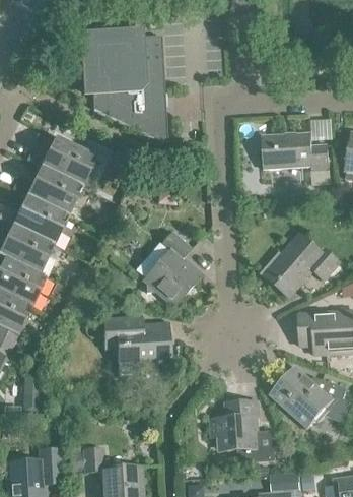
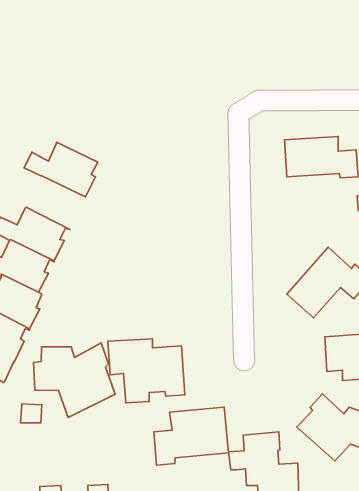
building: [81,29,165,137] -> none
building: [10,168,80,216] -> none
building: [141,231,201,307] -> none
building: none -> [34,343,115,418]
building: none -> [154,407,229,465]

